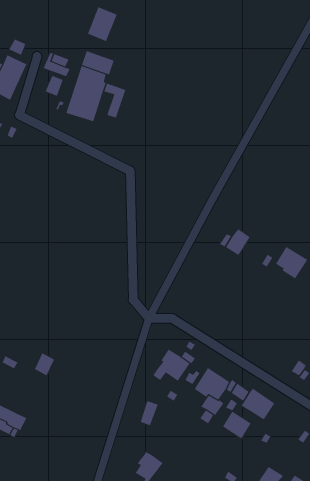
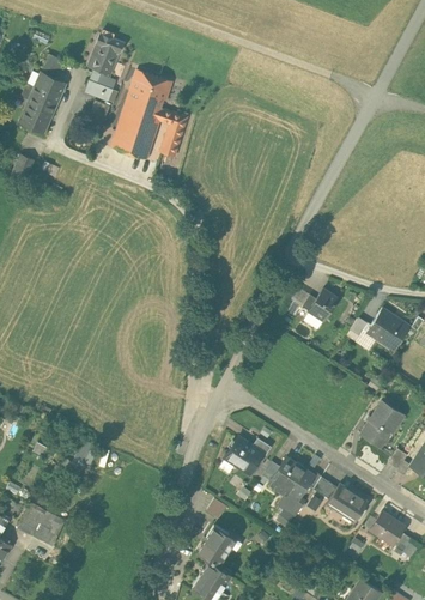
building: [87,7,117,42] -> [86,32,123,75]
building: none -> [360,401,401,447]
building: [222,411,251,439] -> [368,510,403,545]
building: none -> [195,529,236,565]

